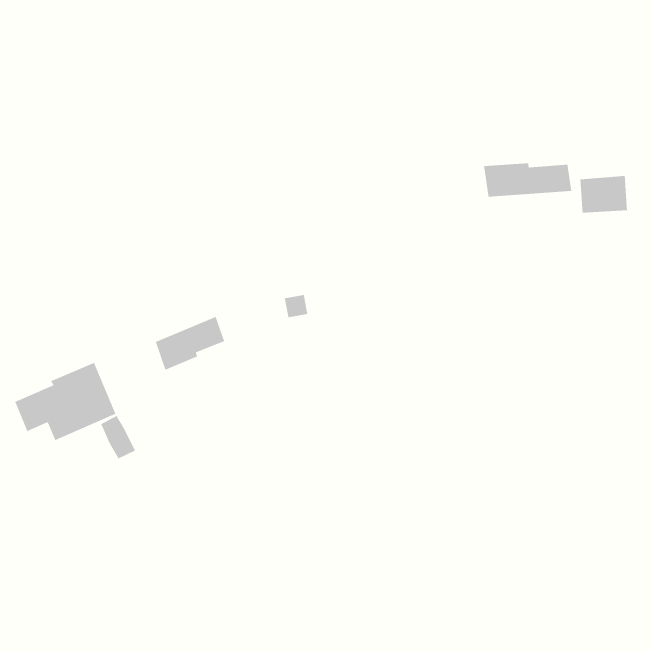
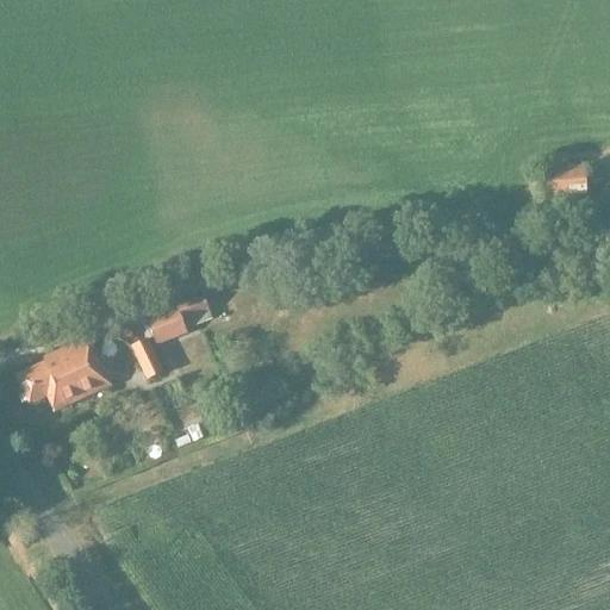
building: [483,163,572,198] -> none
building: [100,415,136,460] -> [131,337,164,379]

